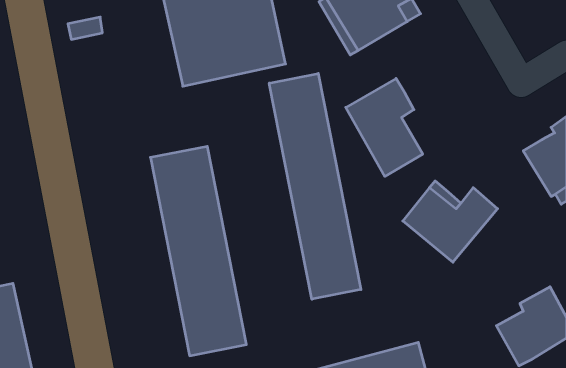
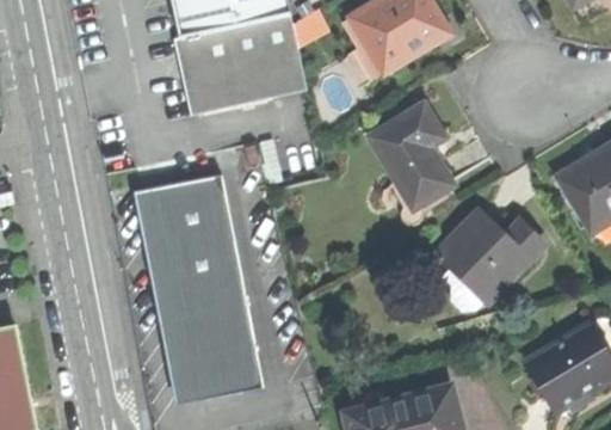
building: [269,73,361,299] -> none
building: none -> [134,188,203,405]

